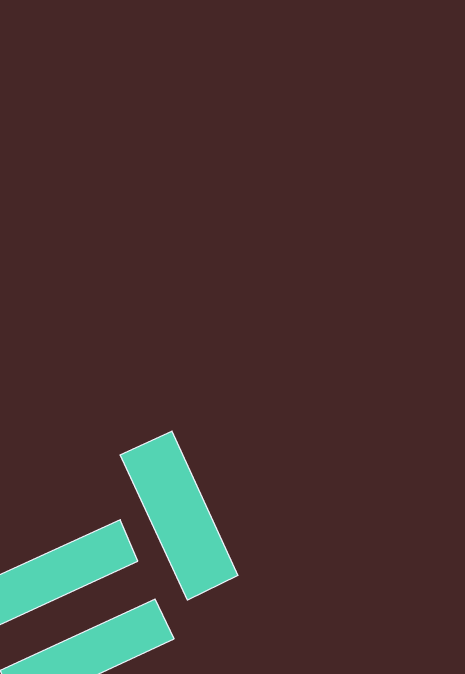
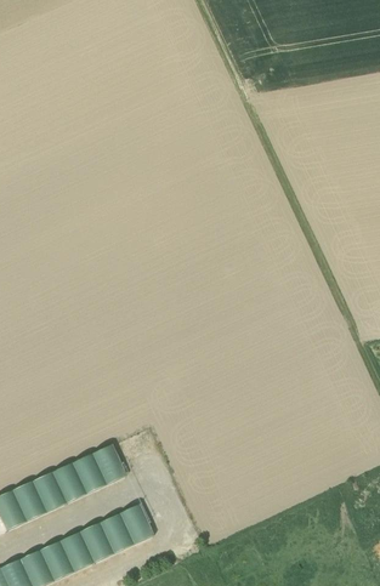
building: [120,431,238,600] -> none

